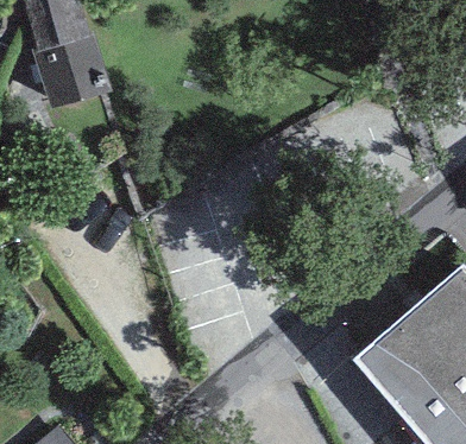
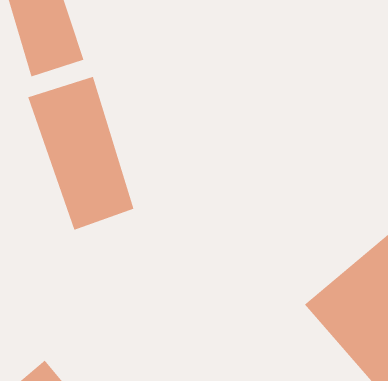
building: none -> [27,76,135,231]

